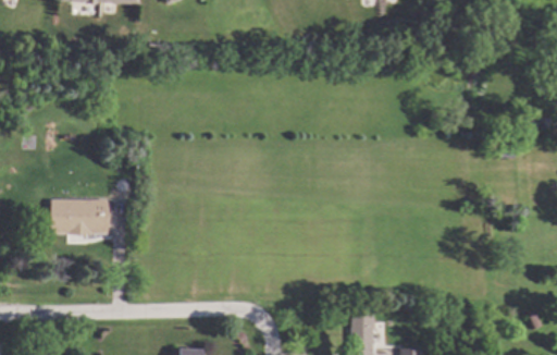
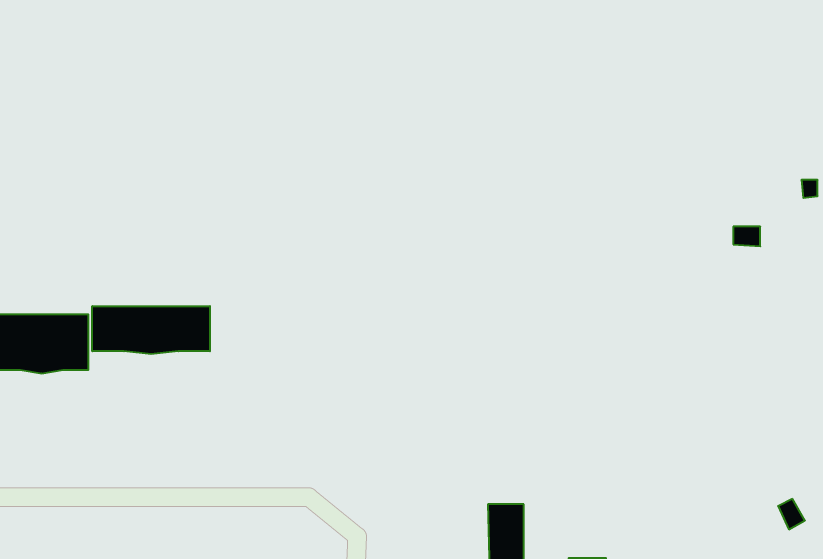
building: none -> [92,306,210,354]

